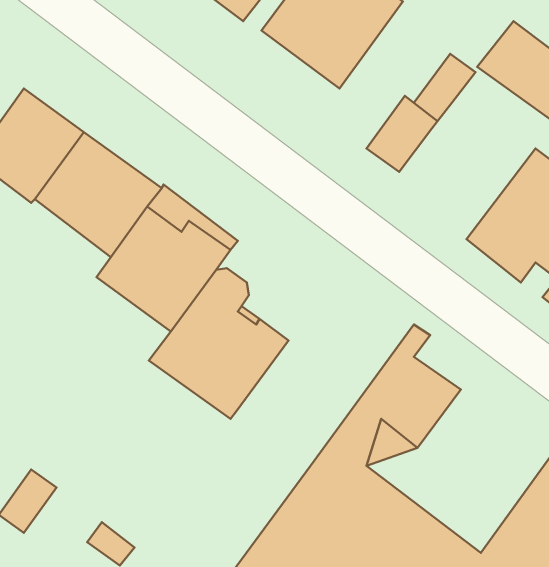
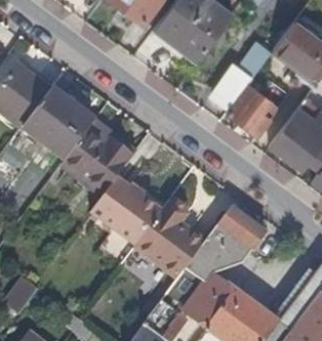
building: none -> [225,83,281,138]
building: none -> [137,188,207,273]

